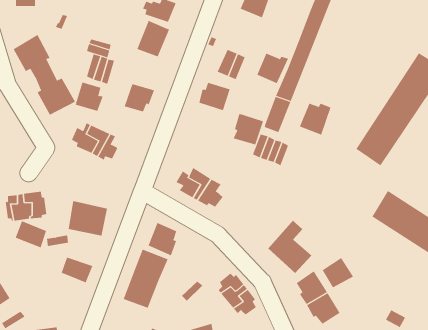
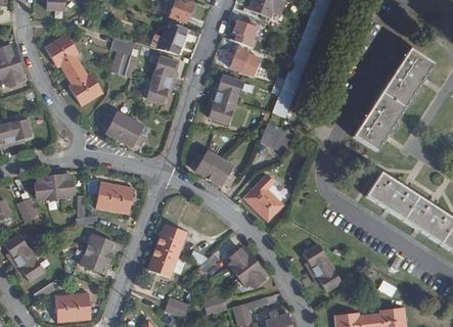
building: [257,53,289,84] -> [231,18,260,46]
building: [75,82,104,112] -> [153,56,179,83]
building: [299,103,331,135] -> none
building: [233,113,264,145] -> [208,94,235,123]
building: [268,220,312,274] -> [242,171,282,219]
building: [15,221,47,248] -> [84,245,112,270]
building: [148,222,177,256] -> none
building: [322,257,354,288] -> none

